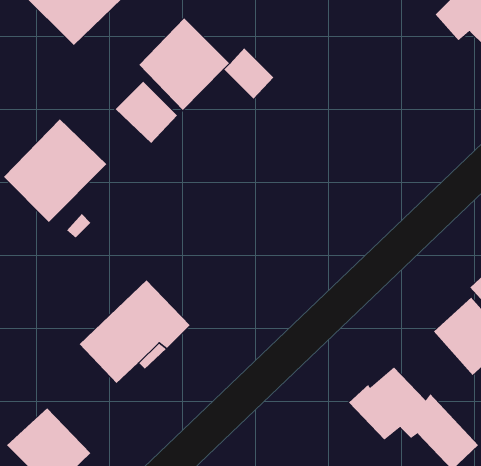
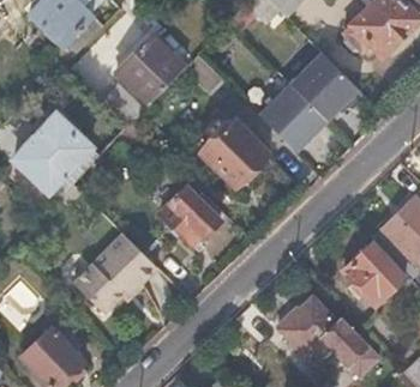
building: none -> [254,50,359,152]
building: none -> [200,121,269,183]
building: none -> [160,188,220,242]

